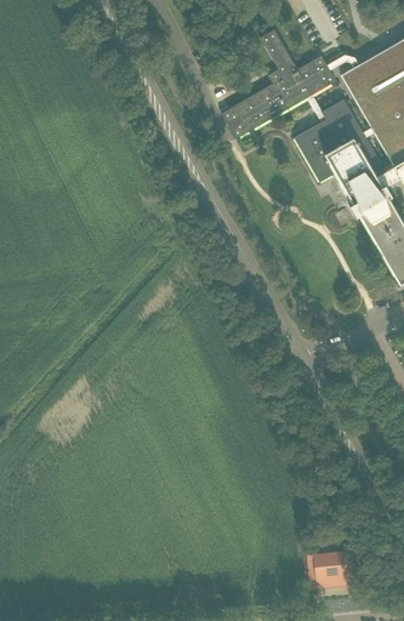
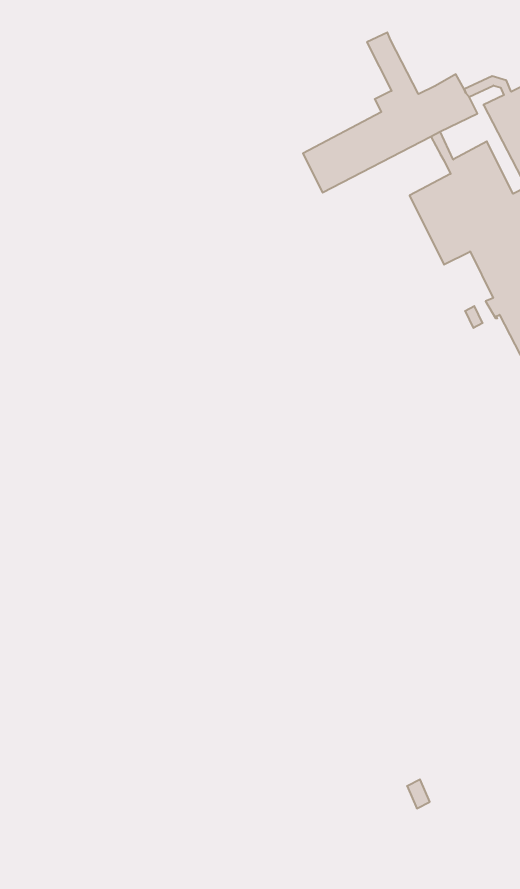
building: [306,551,347,587] -> none

